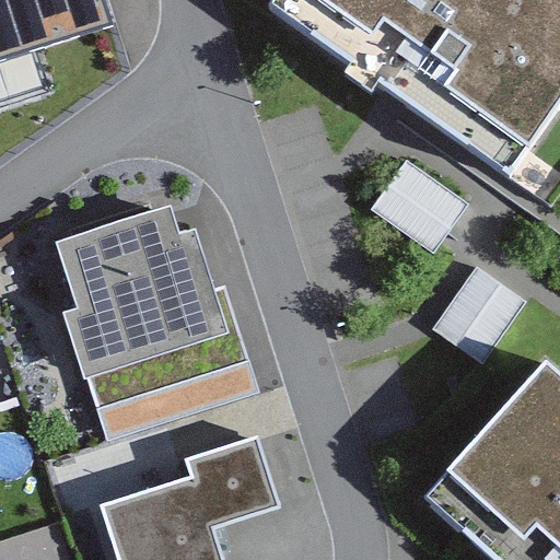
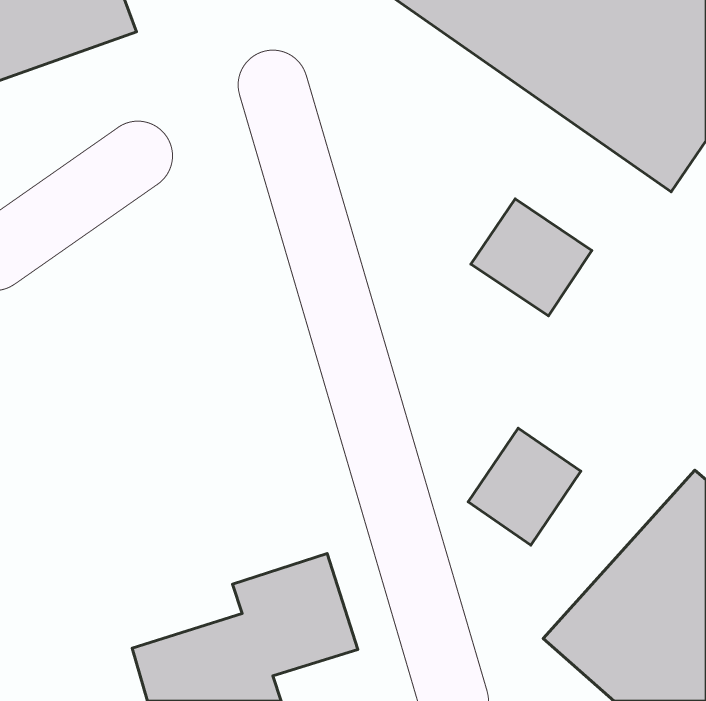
building: [62,214,250,412] -> none
building: [435,267,524,359] -> [468,428,581,545]

